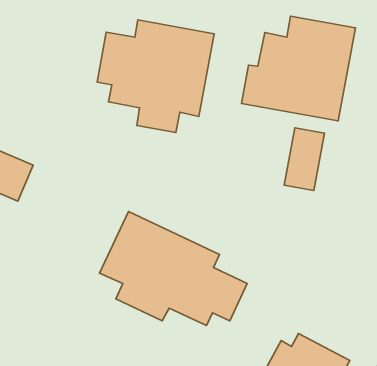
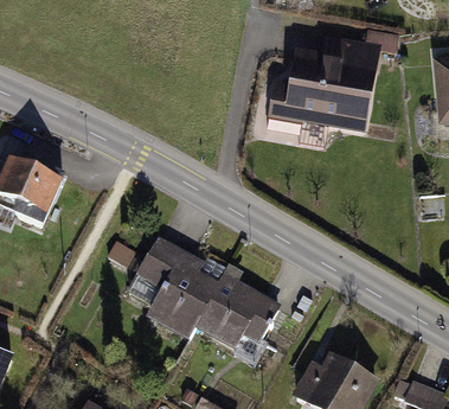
building: [97,20,214,132] -> none
building: [284,128,324,191] -> none

